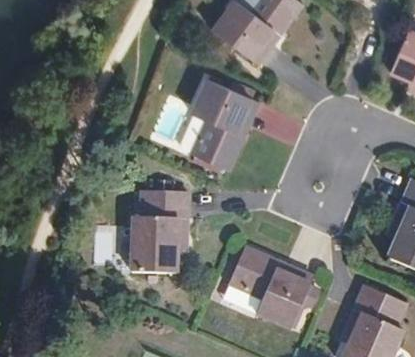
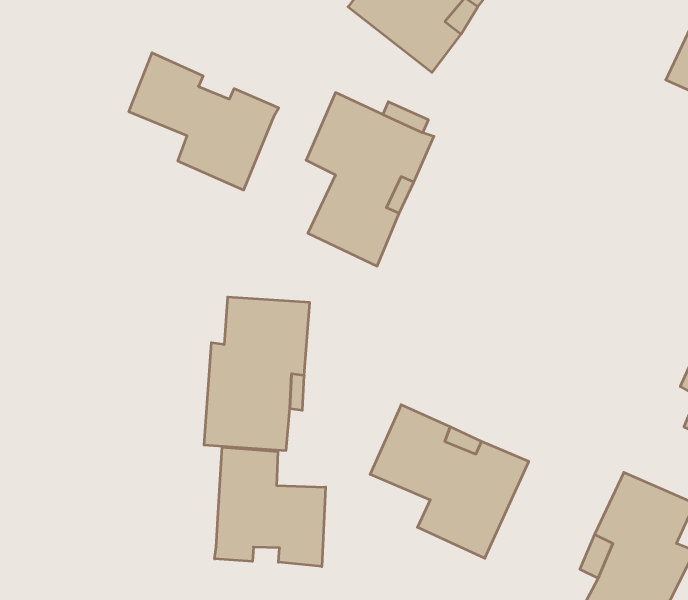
building: none -> [129,53,279,190]
building: none -> [215,447,326,567]

